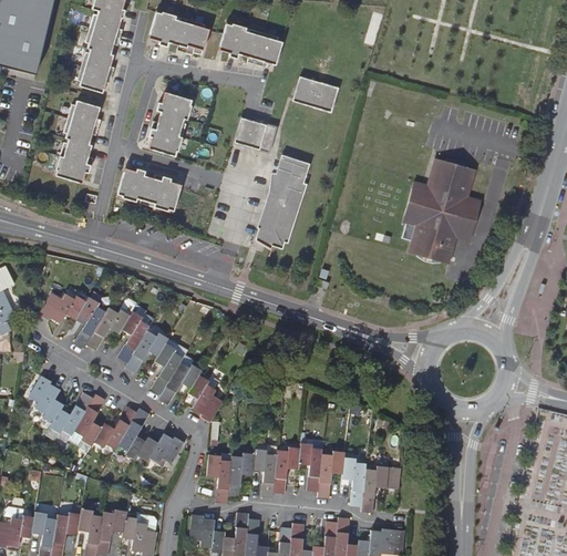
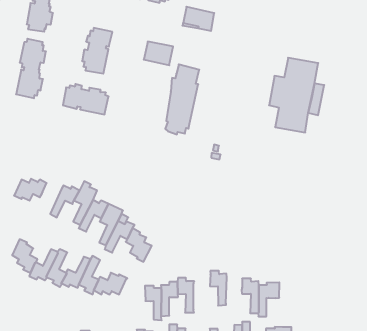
building: [73,296,105,348] -> none
building: [272,445,300,493] -> none
building: [317,450,344,497] -> none

